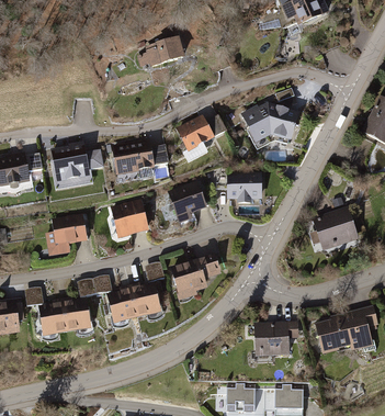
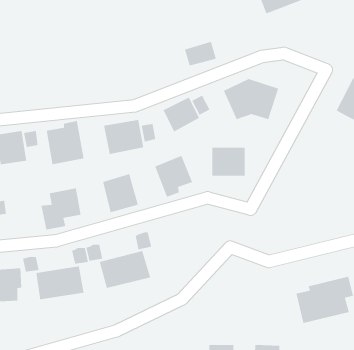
building: [147,37,182,65] -> [184,41,217,66]
building: [312,206,359,252] -> none
building: [169,252,224,302] -> none
building: [253,325,301,363] -> none

